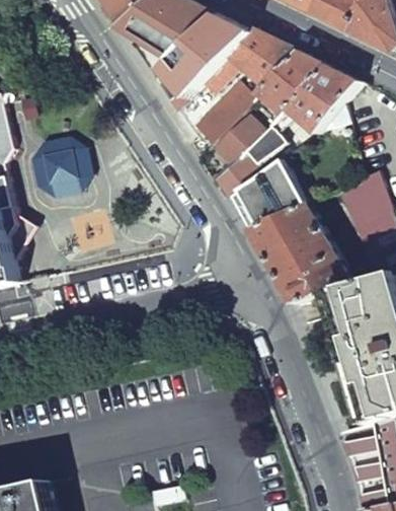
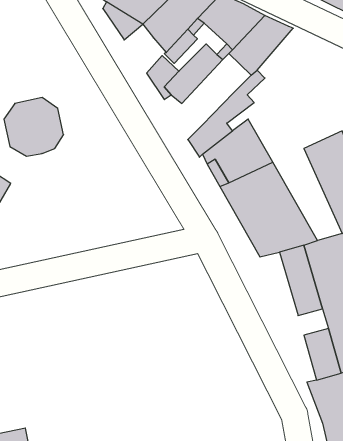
building: [291,65,360,132] -> none
building: [155,67,196,112] -> none
building: [216,114,266,165] -> none

